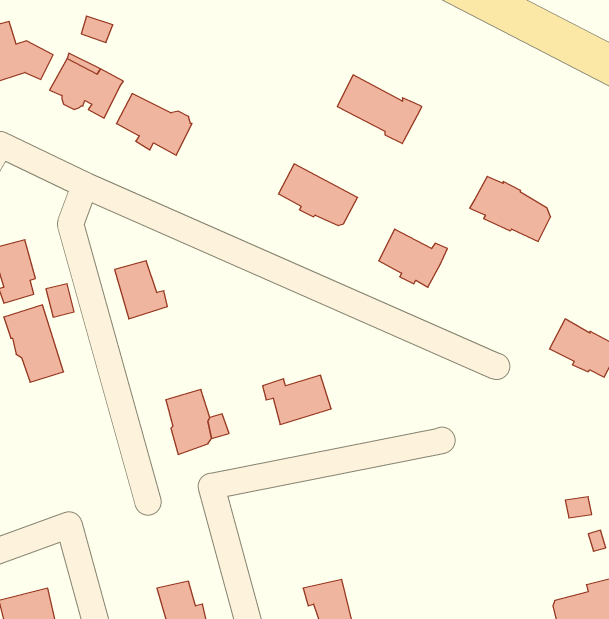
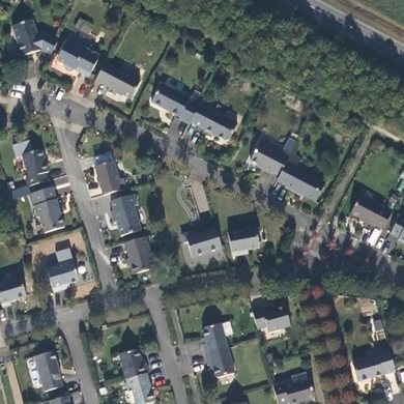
building: [337,75,422,144] -> [151,82,201,122]
building: [470,176,551,241] -> [276,162,323,200]
building: none -> [110,193,141,234]
building: none -> [227,226,260,255]
building: none -> [47,259,79,290]
building: none -> [252,305,290,330]
building: none -> [202,321,228,352]

